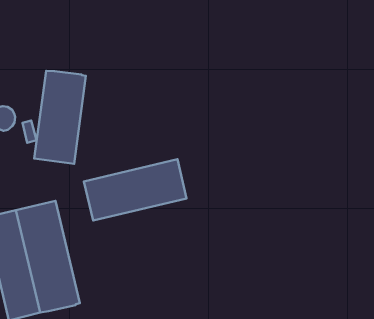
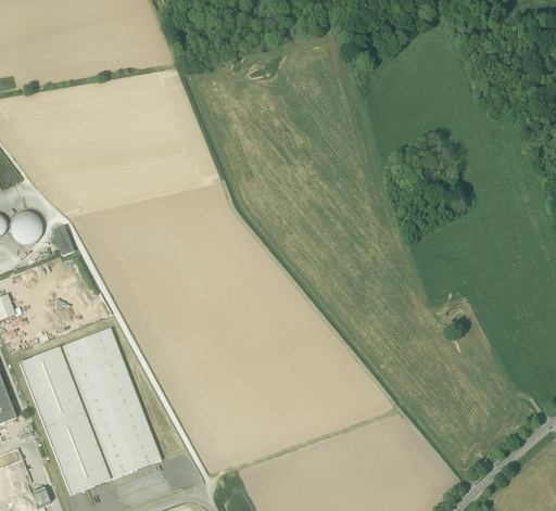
building: [34,71,86,164] -> none
building: [84,159,186,221] -> none

